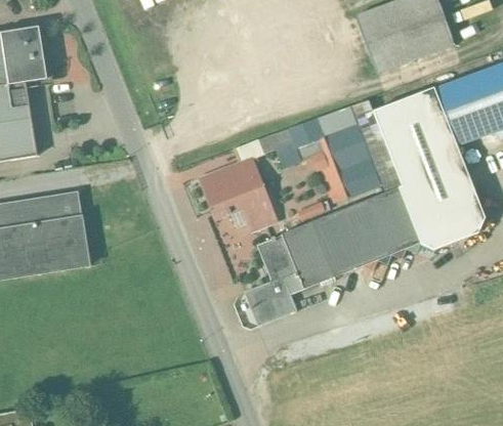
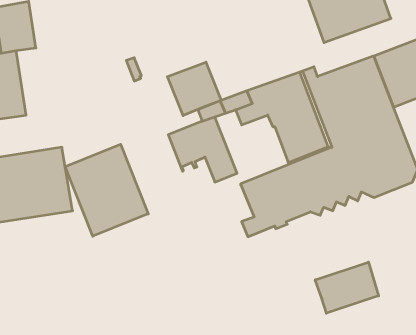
building: none -> [167,62,221,116]
building: none -> [65,144,148,236]
building: [244,235,297,324] -> none
building: none -> [315,262,379,313]

